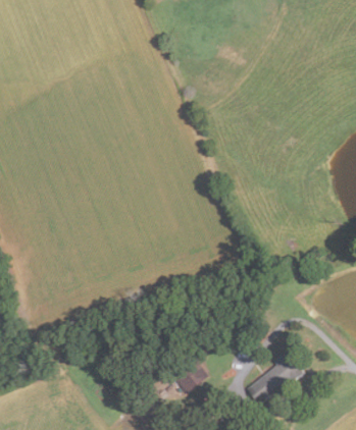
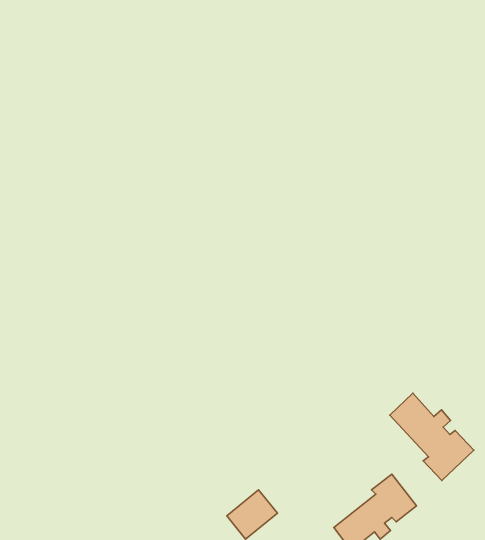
building: none -> [390,393,474,481]

